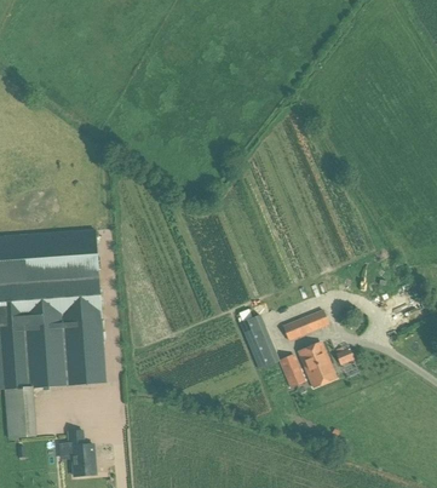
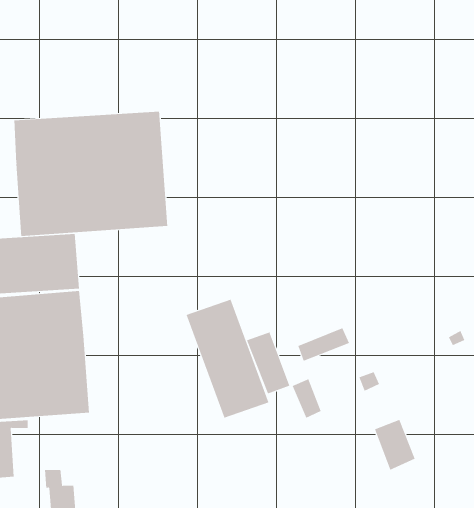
building: none -> [14,111,168,237]
building: none -> [186,299,269,419]
building: [299,343,334,386] -> [374,419,415,470]

